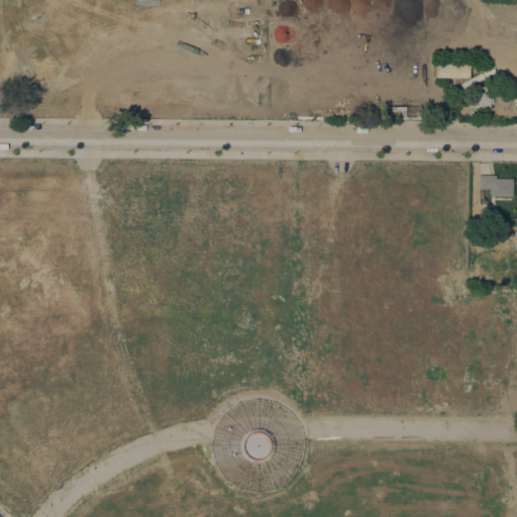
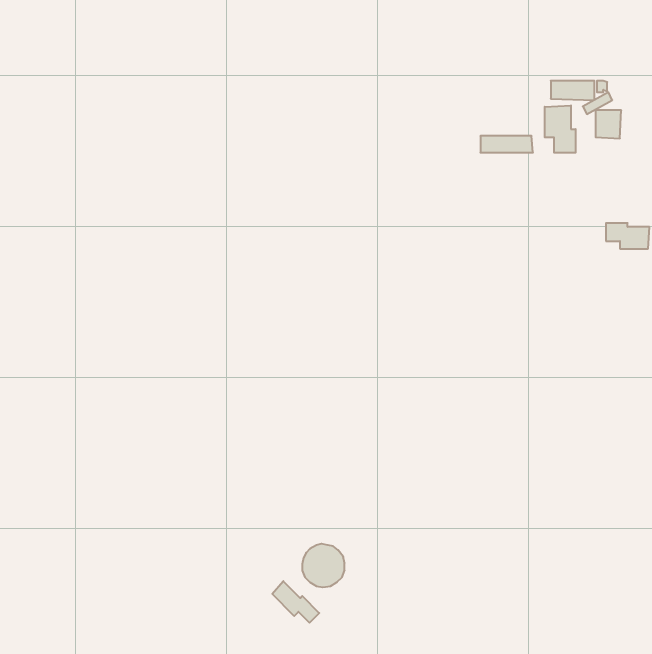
building: none -> [545,105,576,153]
building: none -> [272,581,319,623]

